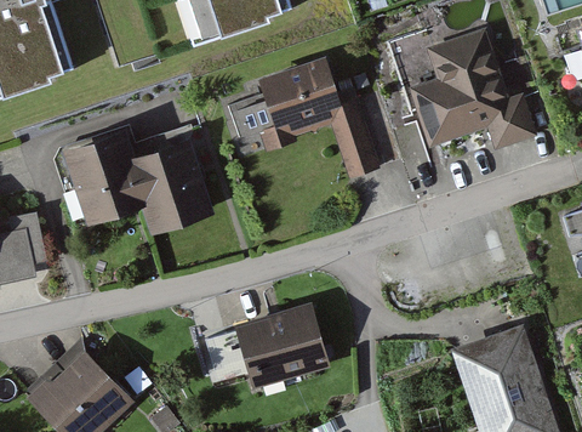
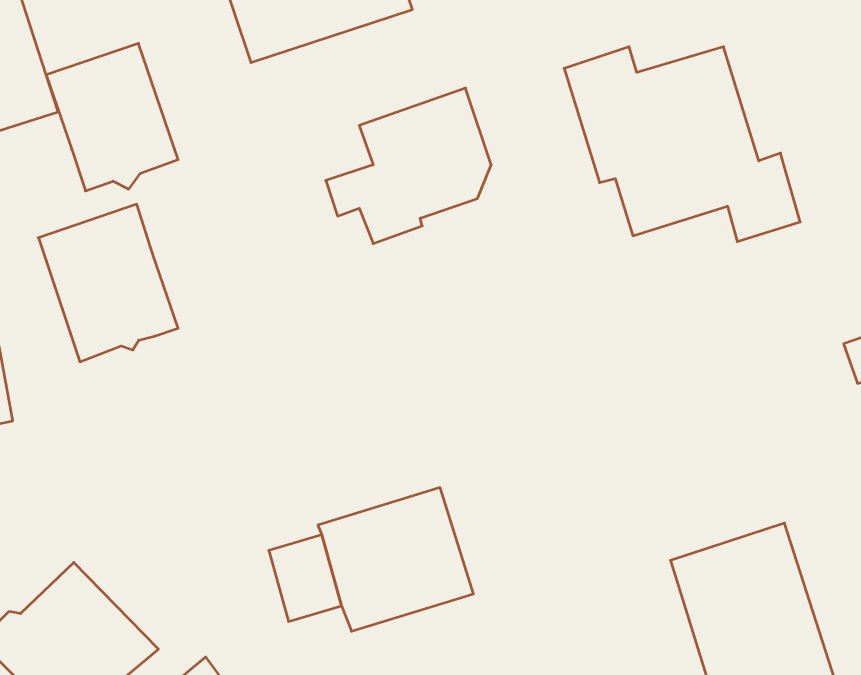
building: [332,98,376,176] -> none
building: [132,138,213,229] -> [46,43,178,191]

